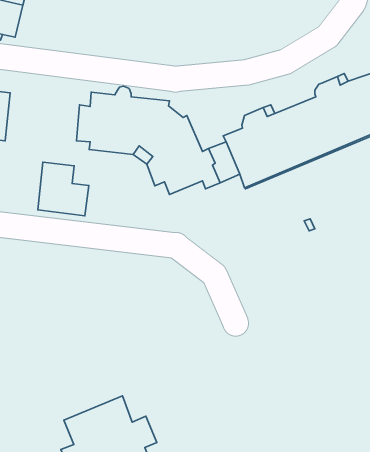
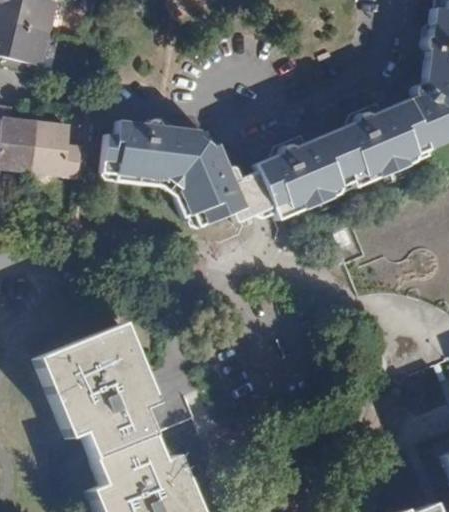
building: [38,162,89,216] -> [33,121,85,176]
building: none -> [37,321,153,456]

